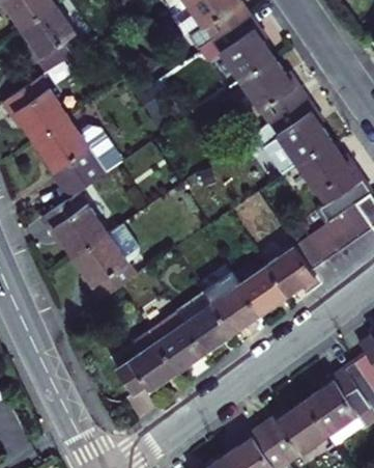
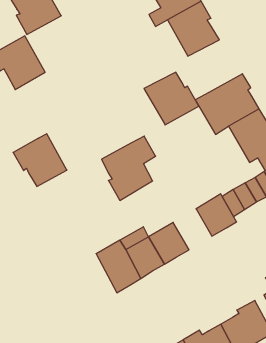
building: [238,61,306,126] -> [144,72,199,125]
building: [35,118,107,198] -> none
building: [71,224,136,304] -> [102,136,156,200]
building: [238,267,286,316] -> none
building: [115,331,178,398] -> none

